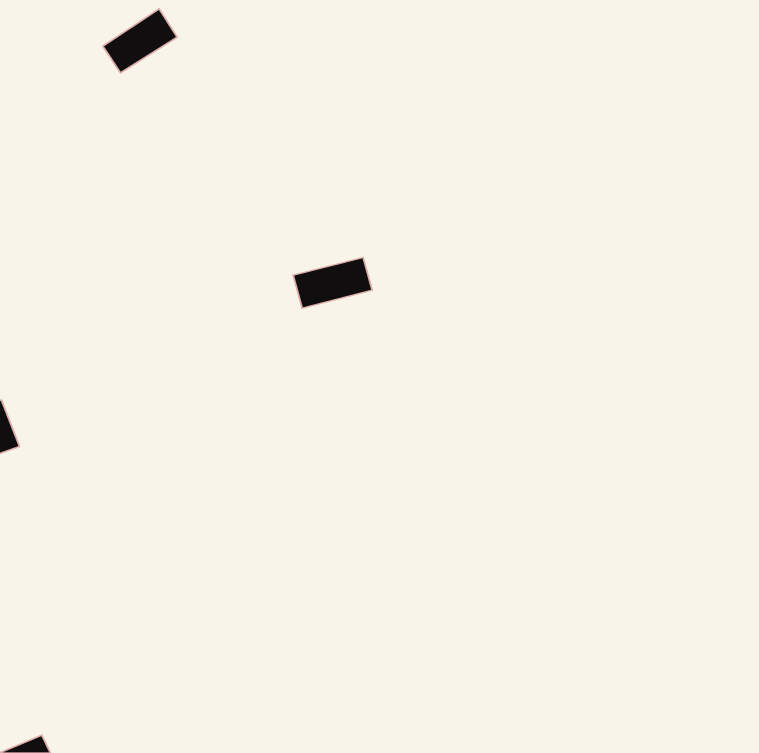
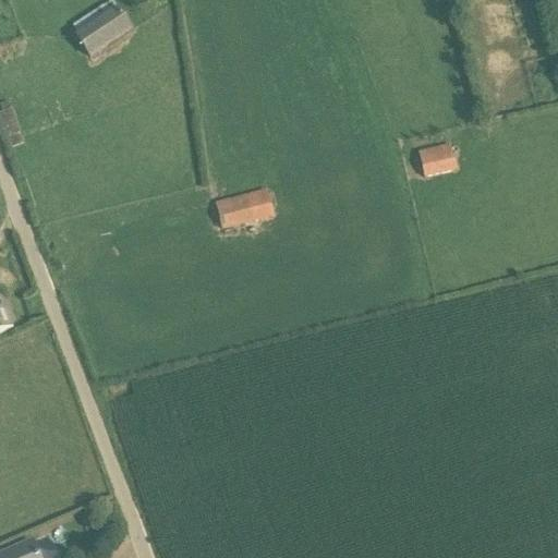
building: none -> [417,143,456,174]

